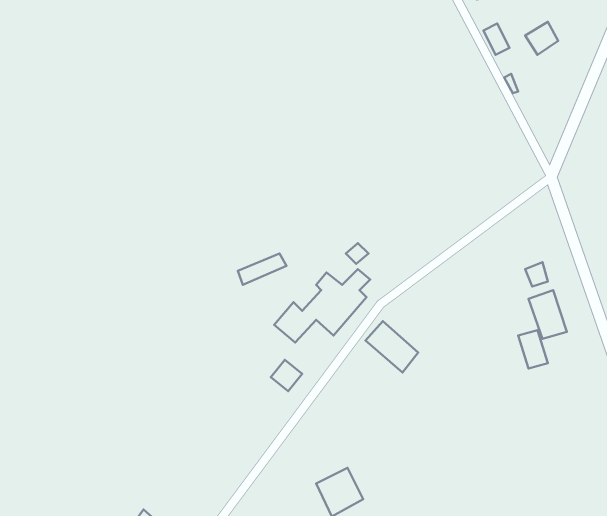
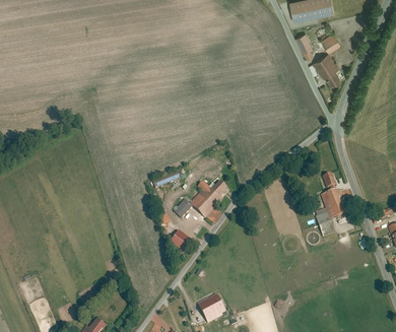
building: none -> [315,54,339,85]
building: [365,321,418,373] -> none

